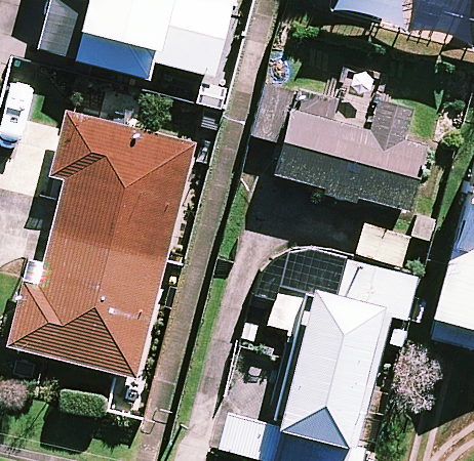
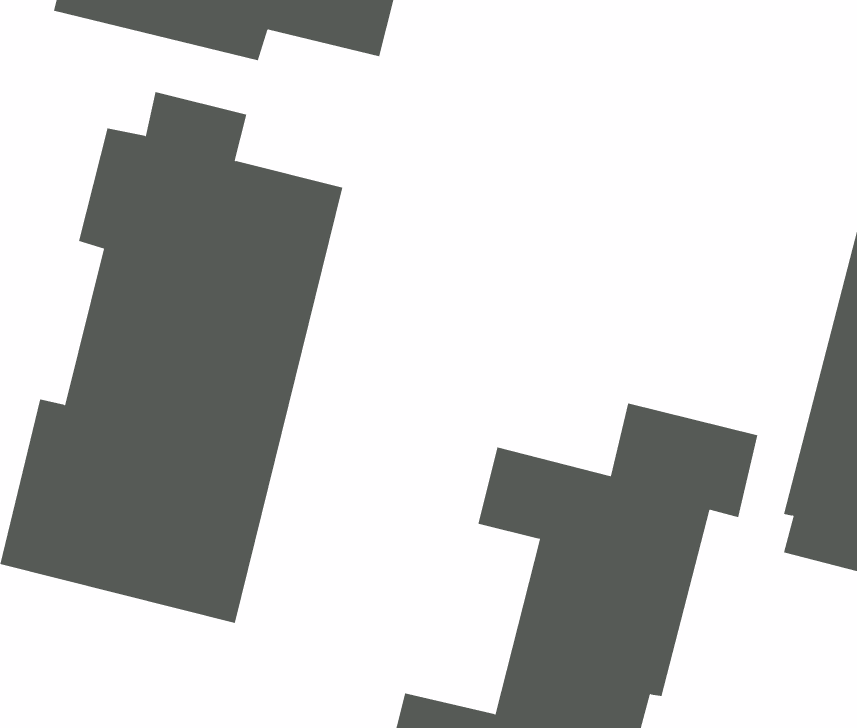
building: [252,80,427,210] -> none

